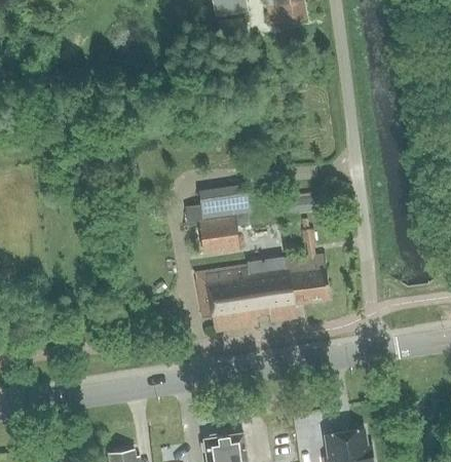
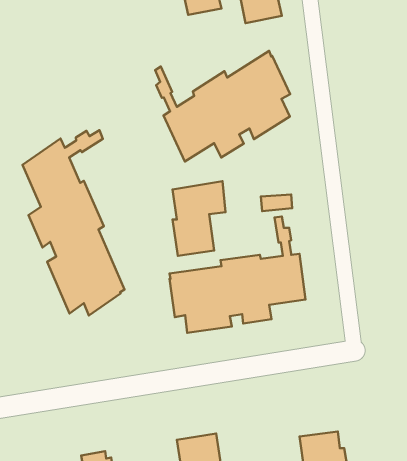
building: none -> [155,51,290,161]
building: none -> [23,130,125,315]

